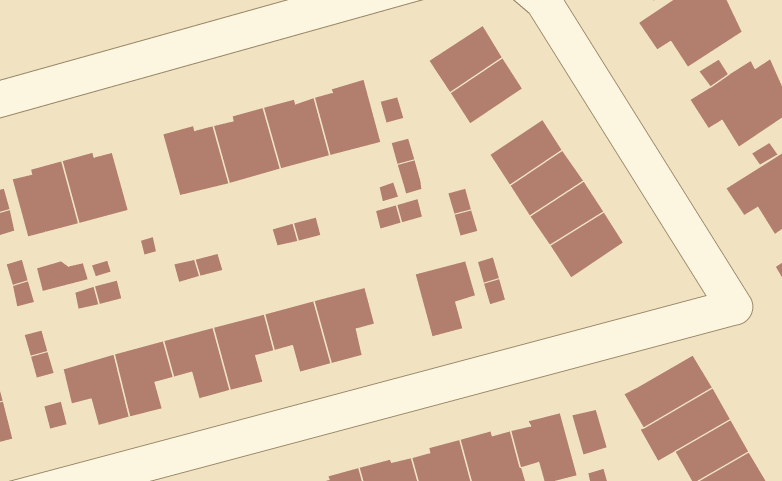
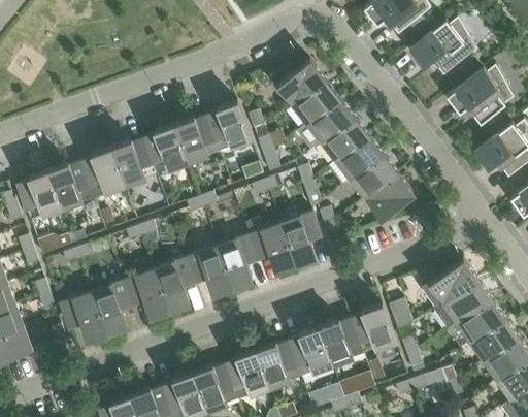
building: none -> [297,98,354,150]
building: none -> [80,148,126,198]
building: none -> [245,218,295,269]

